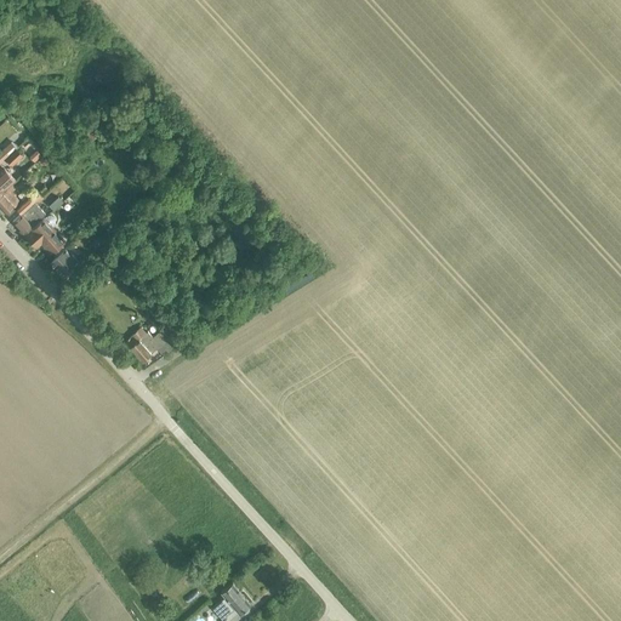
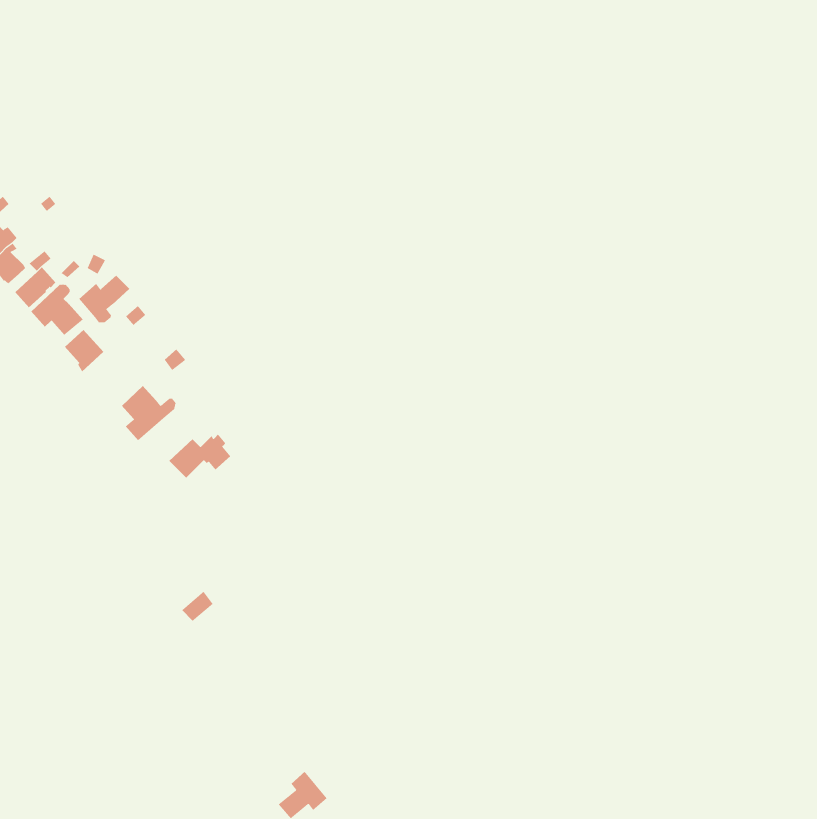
building: none -> [79,275,130,323]
building: none -> [121,385,176,441]

